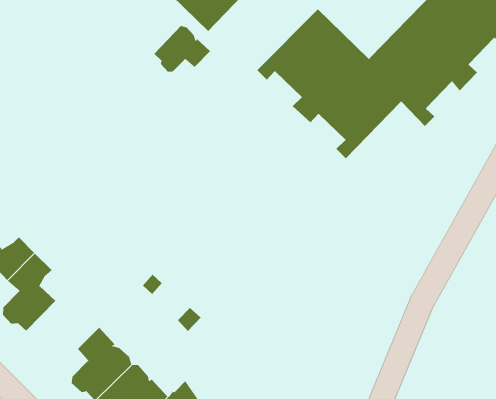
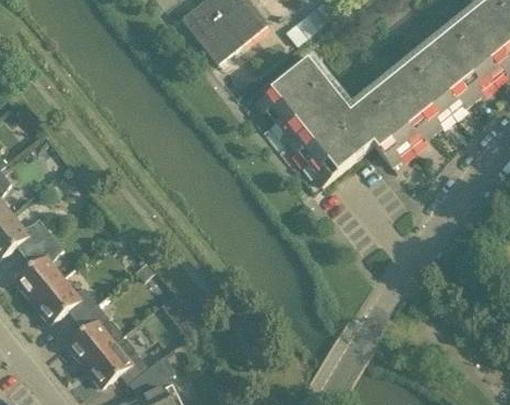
building: [153,25,211,73] -> none
building: none -> [33,277,95,322]

